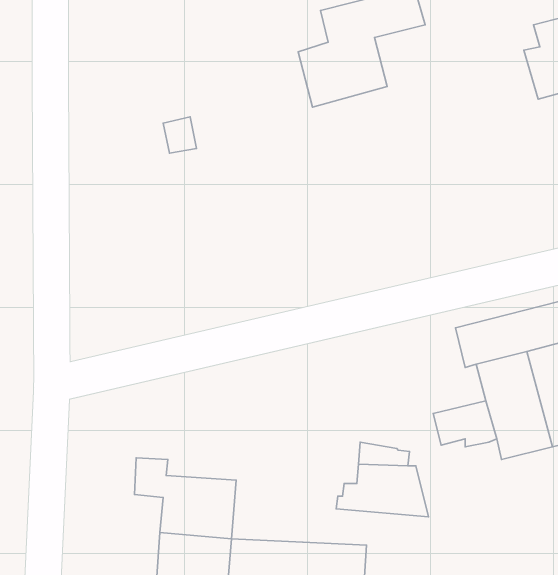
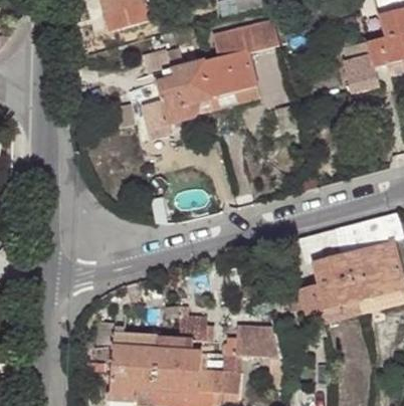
building: none -> [142,47,208,139]
building: none -> [157,315,207,373]

